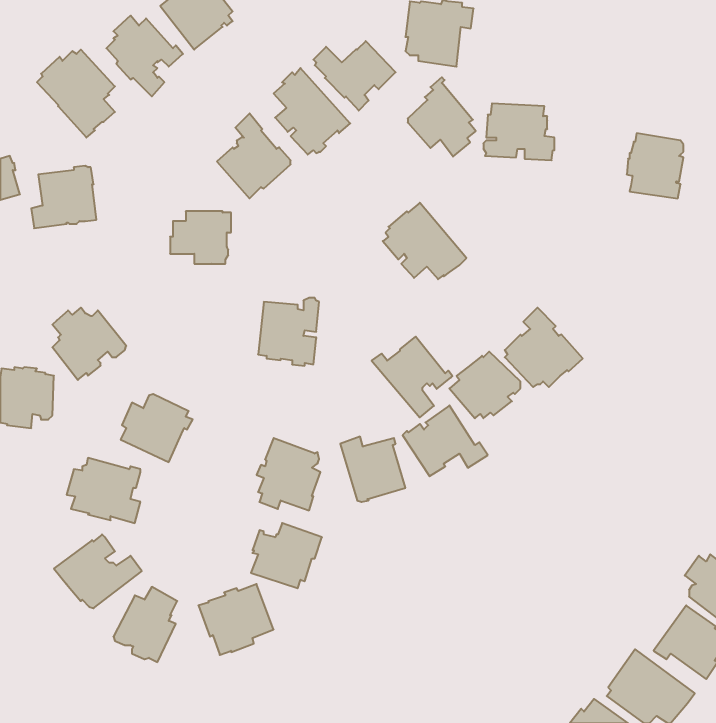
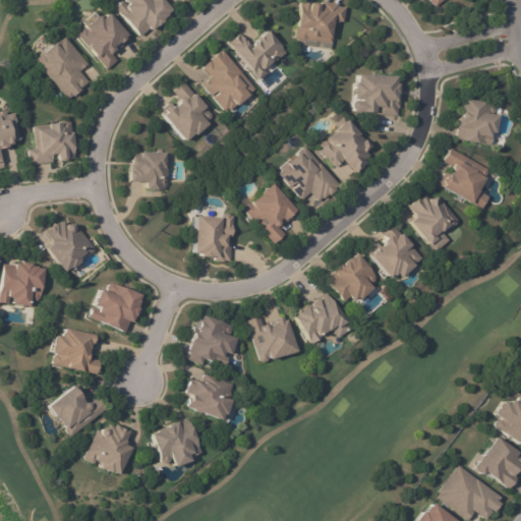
building: [408,77,476,157] -> [323,115,371,172]
building: none -> [440,148,489,210]
building: none -> [407,193,459,253]
building: [372,337,452,417] -> [243,185,301,243]

